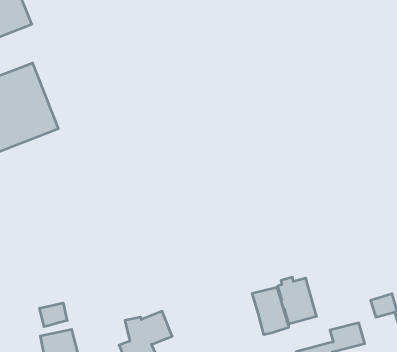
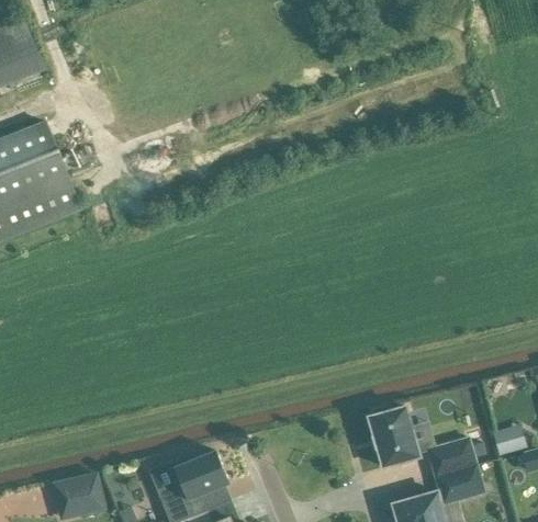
building: [252,287,289,335] -> none
building: none -> [428,436,477,476]
building: [40,303,67,327] -> none

